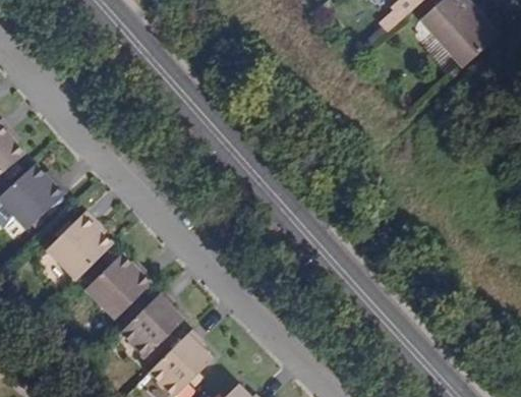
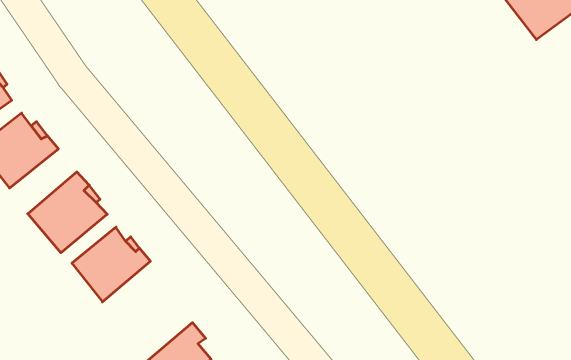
building: [119,292,179,358] -> none

